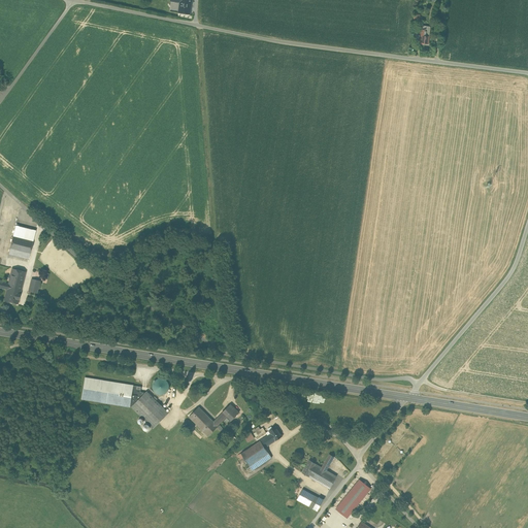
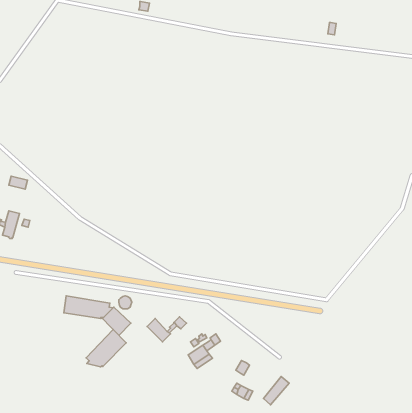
building: [7,236,32,259] -> none
building: none -> [86,330,126,367]
building: [311,454,335,489] -> none

